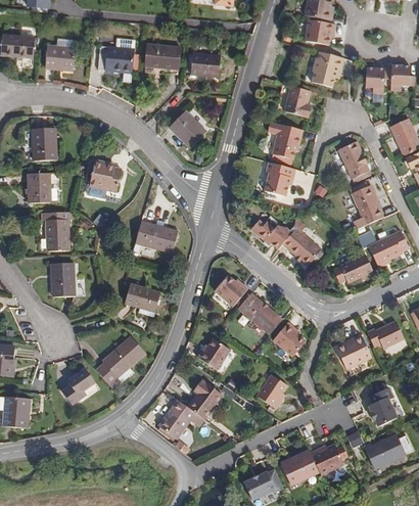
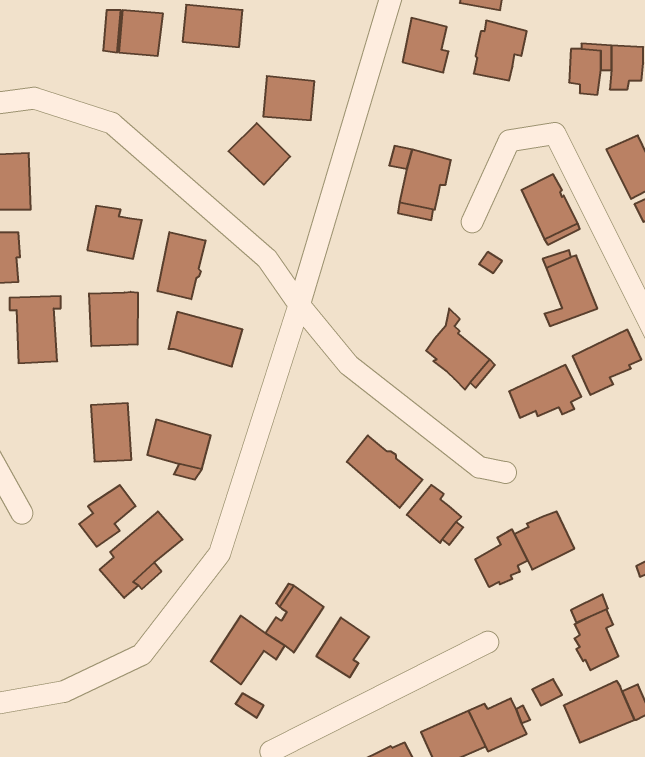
building: [46,44,77,67] -> none
building: [189,50,219,76] -> [263,76,314,120]
building: [282,87,309,119] -> [403,18,449,73]
building: [263,164,293,197] -> none
building: none -> [158,232,206,299]
building: none -> [89,292,138,346]
building: [251,221,290,249] -> none
building: [49,262,73,295] -> [91,403,131,462]
building: [216,274,248,305] -> none
building: [368,319,407,349] -> none
building: [199,335,231,367] -> none
building: none -> [475,529,528,587]
building: [61,367,94,403] -> [79,485,136,547]
building: [257,371,287,406] -> [316,617,369,677]

